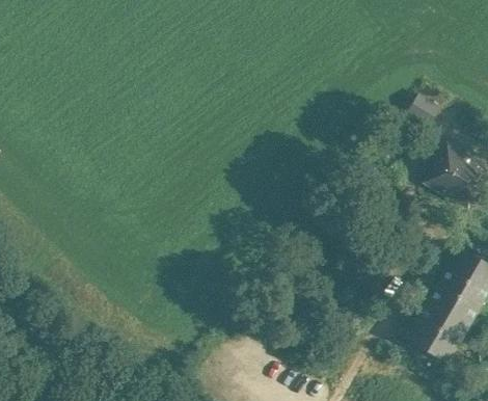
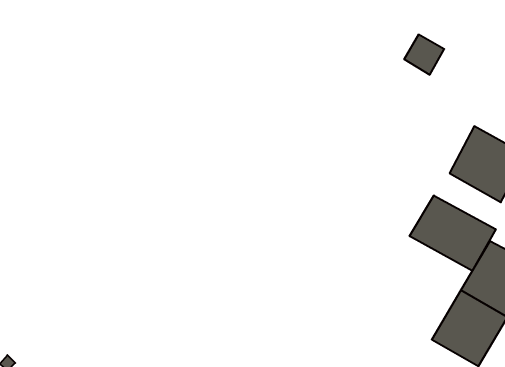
building: [404,90,441,128] -> [404,35,444,75]
building: none -> [410,195,496,271]

